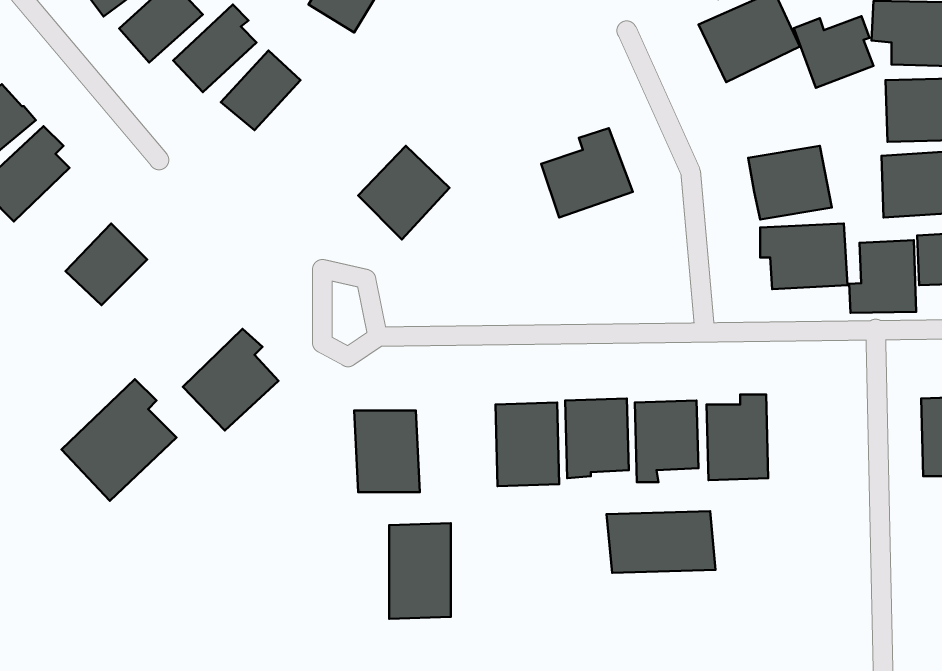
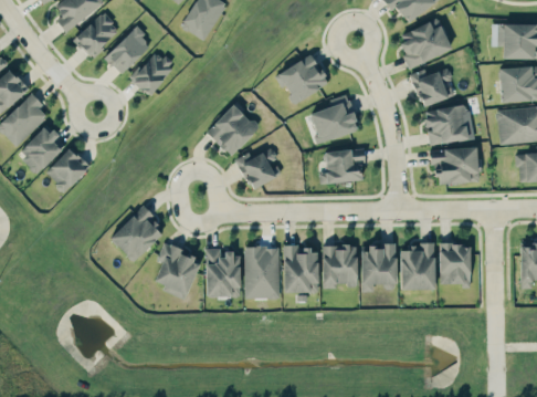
building: [794,16,873,88] -> [410,67,454,107]
building: none -> [274,55,329,103]
building: none -> [18,127,65,174]
building: none -> [236,147,282,189]
building: none -> [318,148,364,184]
building: [849,240,916,313] -> none
building: [61,379,177,501] -> none
building: none -> [154,242,201,300]
building: none -> [440,243,470,285]
building: [607,511,716,573] -> none
building: [389,523,451,619] -> [244,245,278,299]

